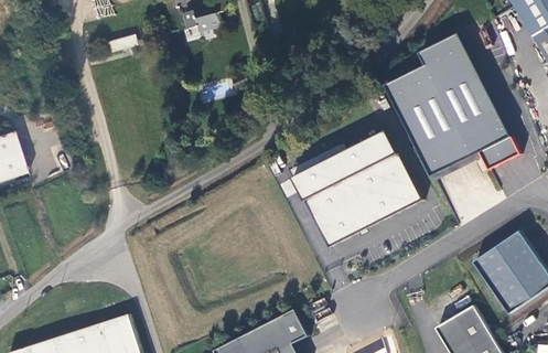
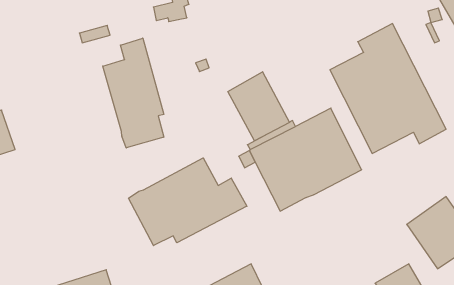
building: none -> [103,38,164,148]
building: none -> [228,72,289,141]
building: none -> [129,158,247,246]

